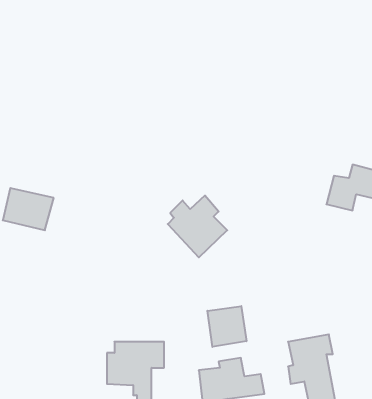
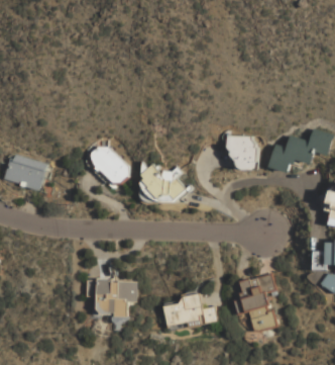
building: none -> [230,135,256,169]
building: none -> [84,142,131,188]
building: [207,306,246,347] -> none

